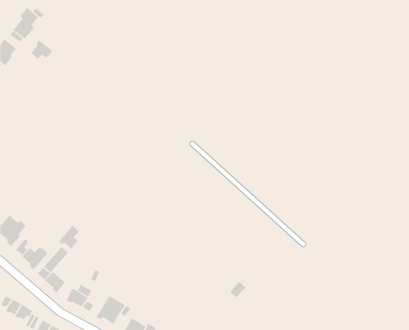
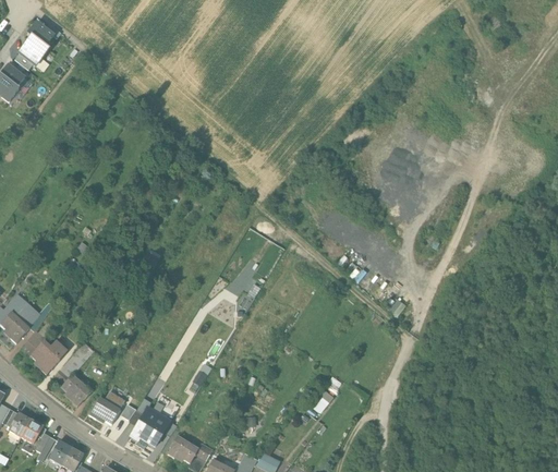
building: [30,39,53,60] -> none
building: [58,225,79,250] -> none

